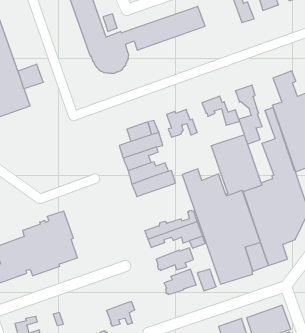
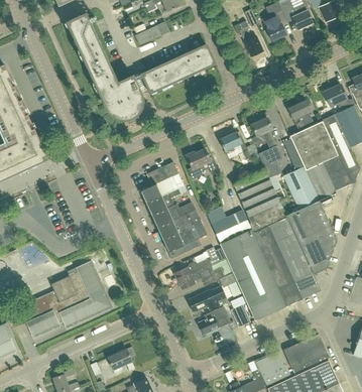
building: [18,64,43,89] -> none
building: none -> [162,223,206,258]
building: [106,302,135,326] -> [107,347,135,373]

